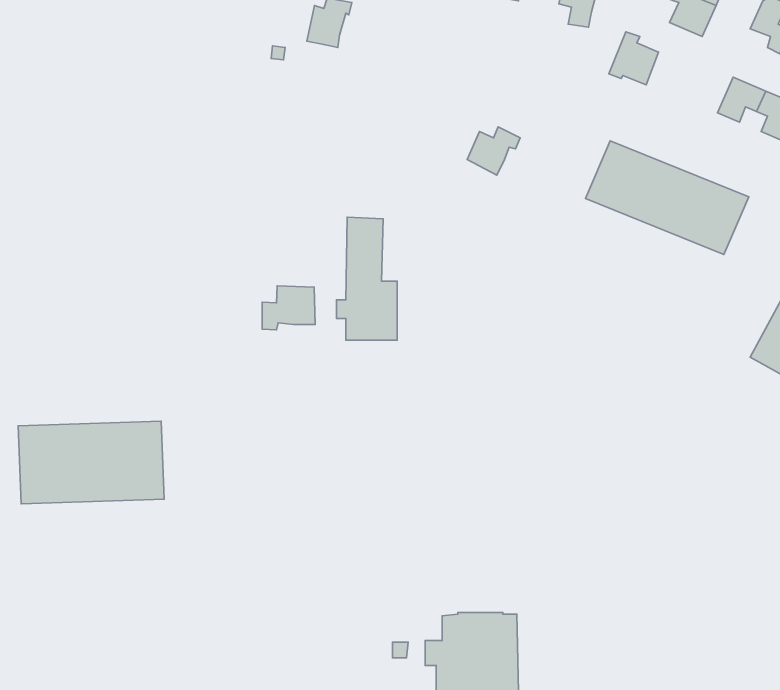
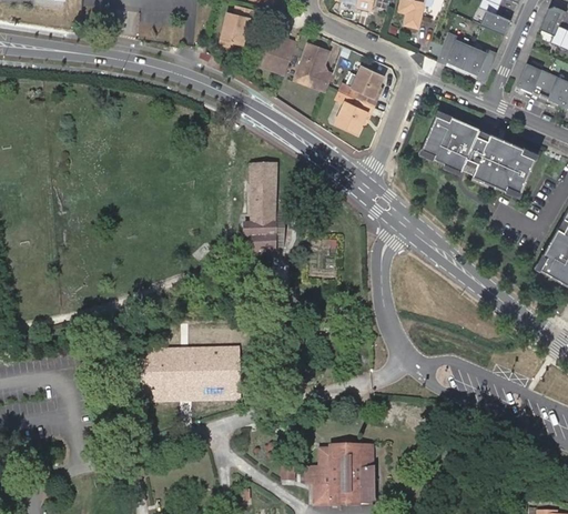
building: none -> [256,34,296,73]
building: none -> [295,43,333,91]
building: none -> [463,47,496,81]
building: none -> [352,68,382,108]
building: [262,286,315,330] -> none
building: [18,421,164,504] -> [139,345,243,404]

